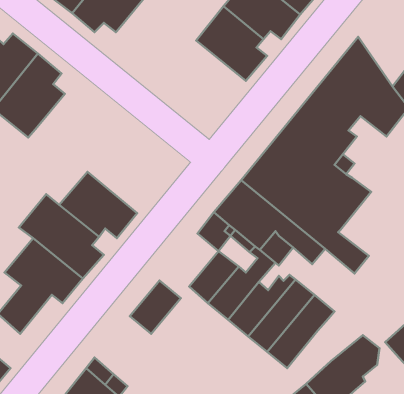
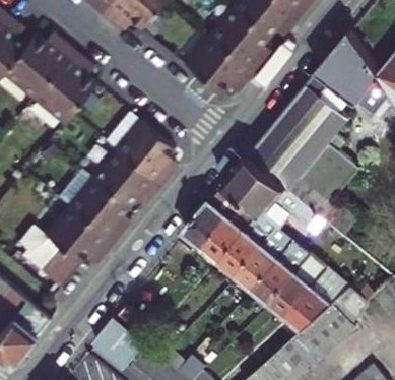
building: none -> [186,38,252,94]
building: none -> [104,111,176,186]
building: [130,281,181,334] -> [185,203,228,249]
building: none -> [287,270,352,332]

